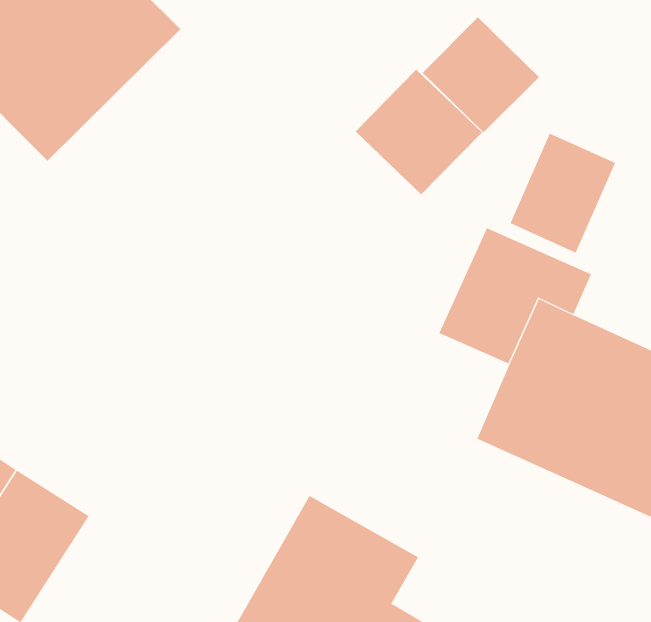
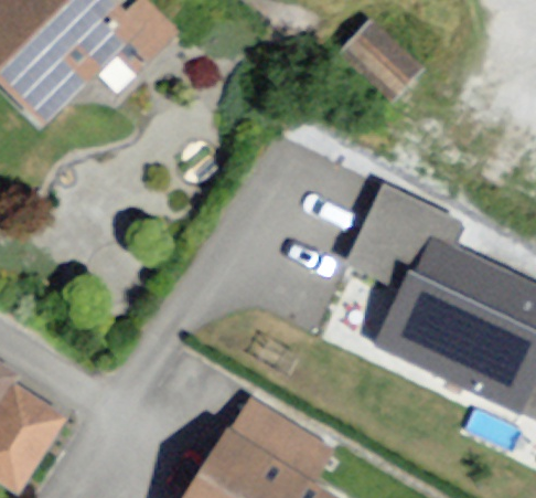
building: [355,69,483,195] -> none
building: [510,133,616,253] -> none

